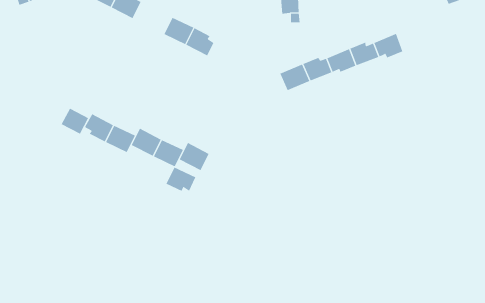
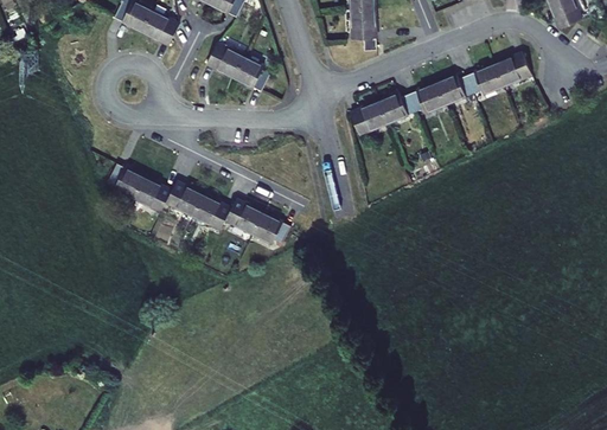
building: none -> [494,53,531,86]
building: [61,108,89,135] -> none
building: [166,167,196,192] -> [253,213,290,244]

